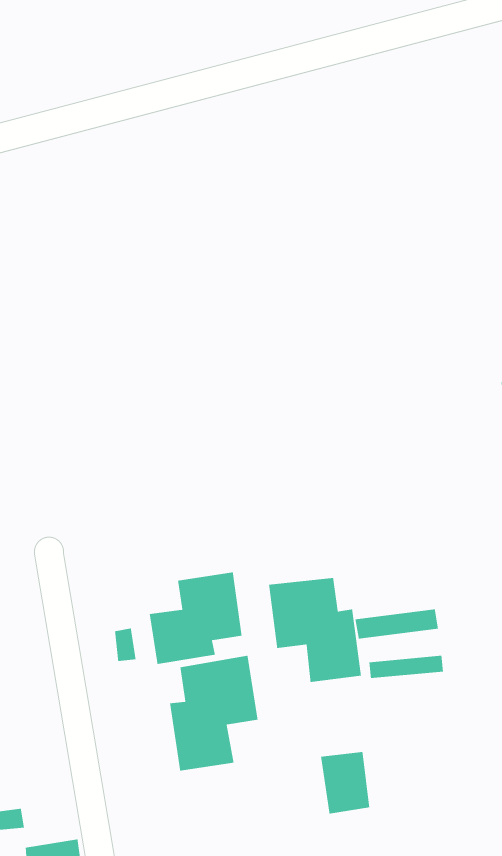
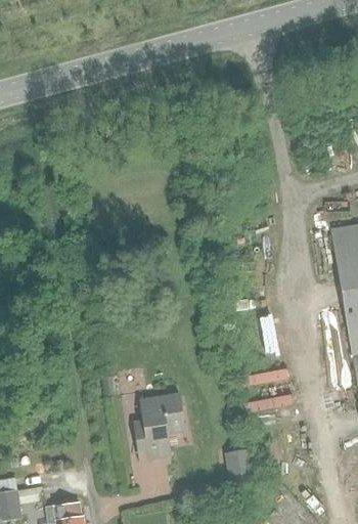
building: [149,571,242,665] -> none
building: [268,577,362,683] -> none

